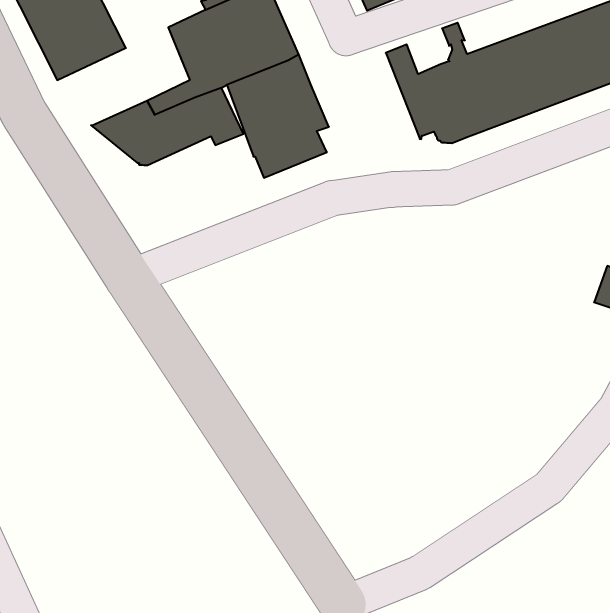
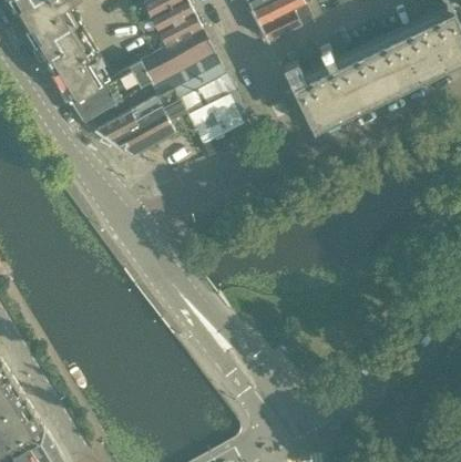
building: none -> [70,63,150,123]

